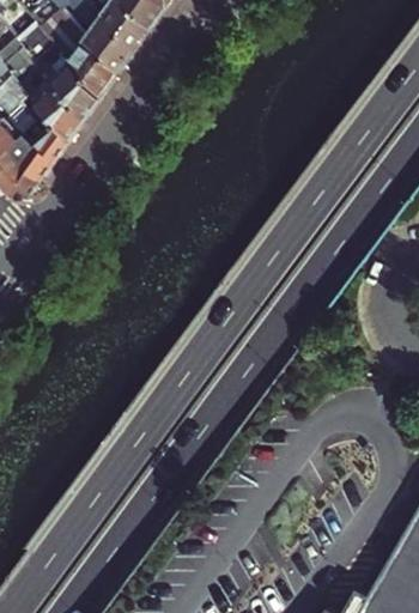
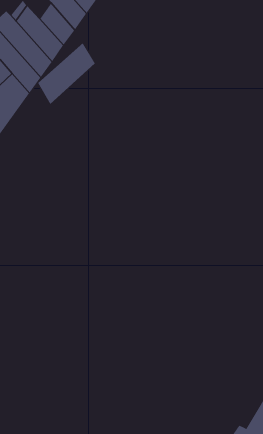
building: none -> [38,43,95,105]

